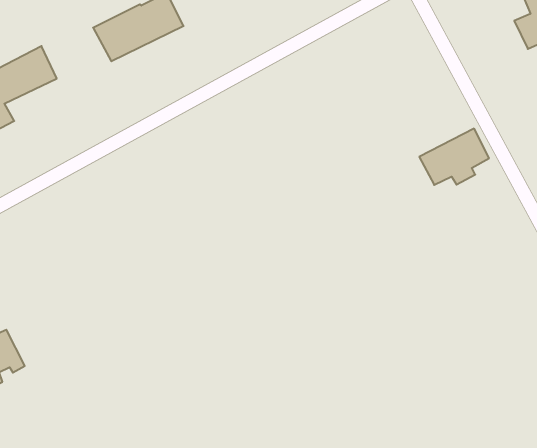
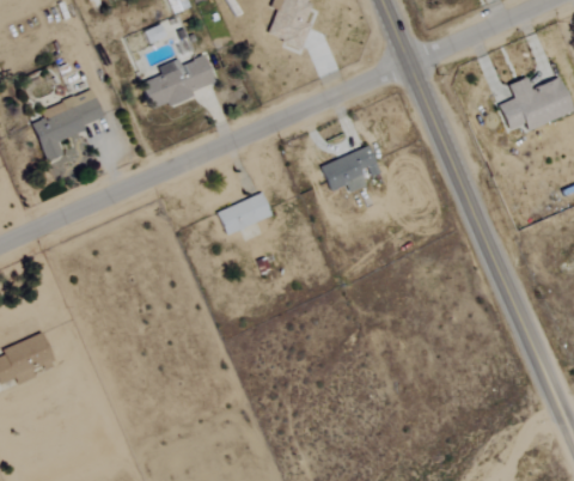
building: [419,129,489,185] -> [320,146,380,193]
building: none -> [218,193,273,236]

